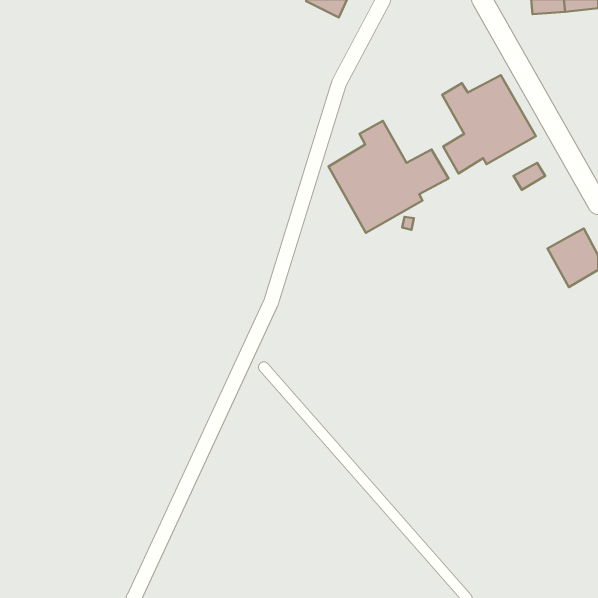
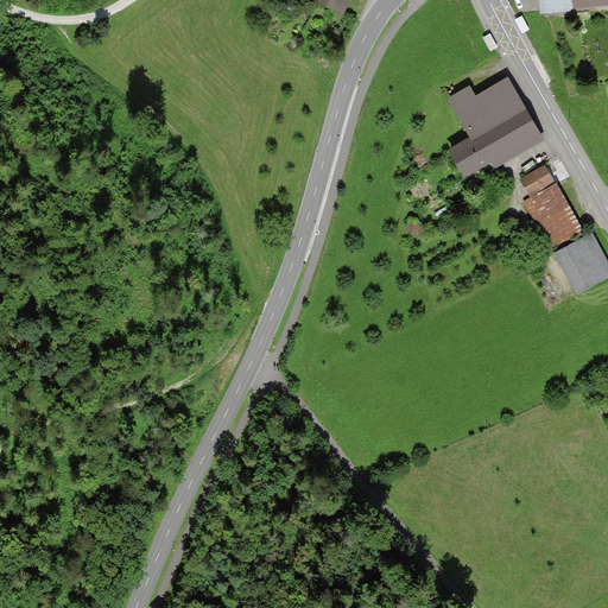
building: [328,121,448,233] -> none
building: none -> [525,182,584,252]

